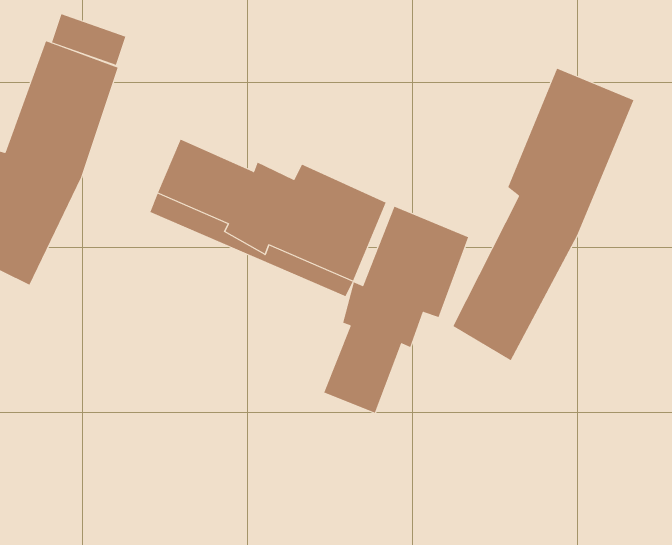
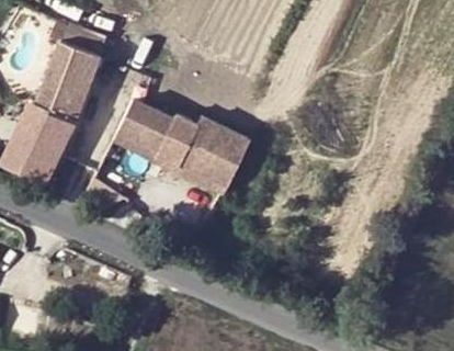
building: [452,68,634,361] -> none
building: [324,206,469,413] -> none

